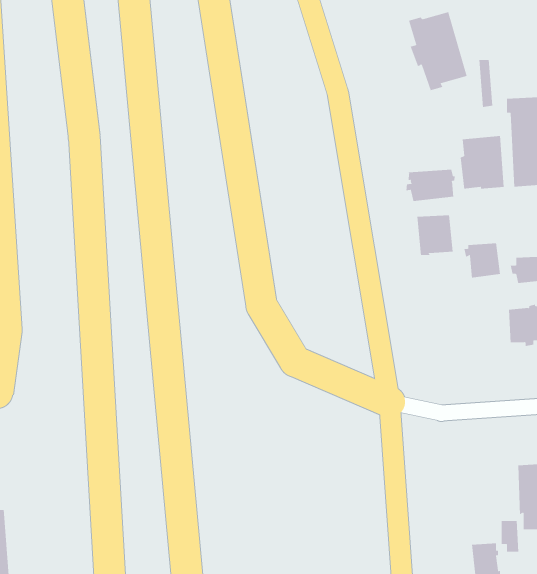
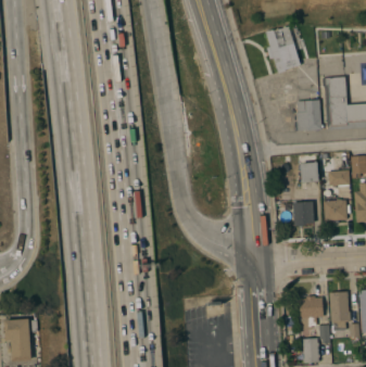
building: [406,169,455,202] -> none
building: [416,215,453,255] -> [292,201,314,225]
building: none -> [299,295,323,329]

